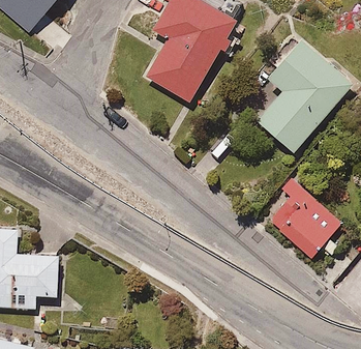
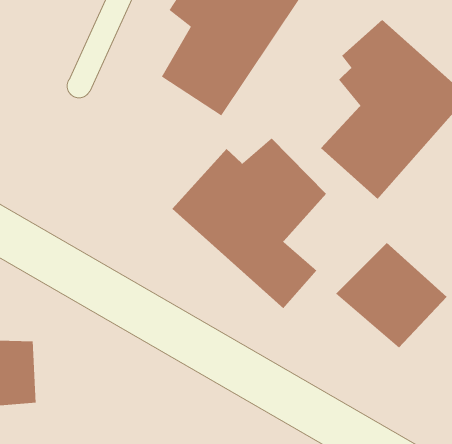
building: none -> [172,138,327,309]

